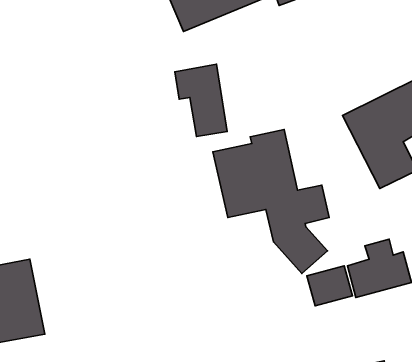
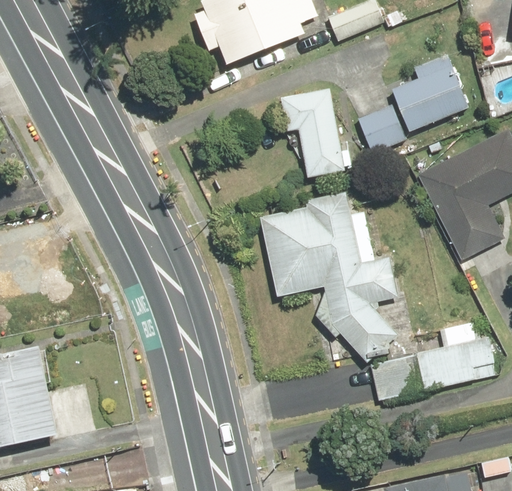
building: none -> [357,54,469,155]
building: [175,64,227,137] -> [281,89,344,176]

